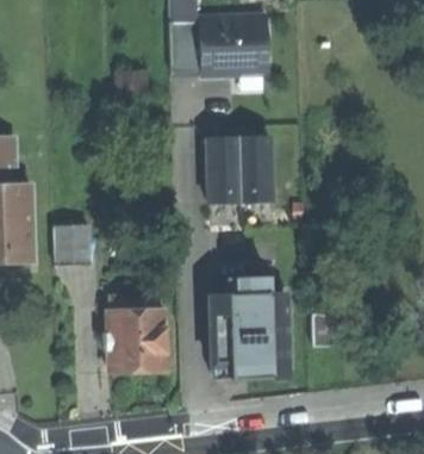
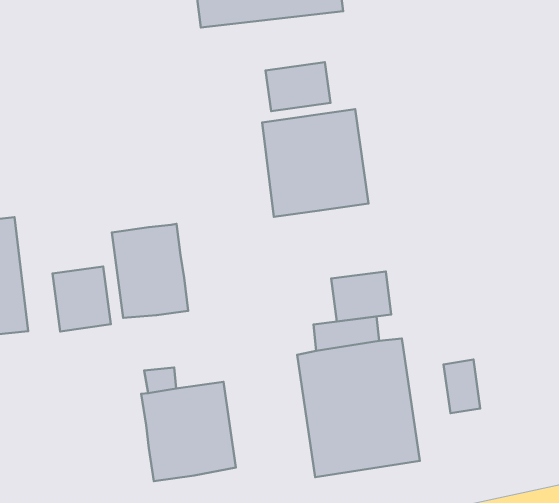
building: none -> [266,62,330,111]
building: none -> [112,224,188,318]
building: none -> [331,271,391,322]

